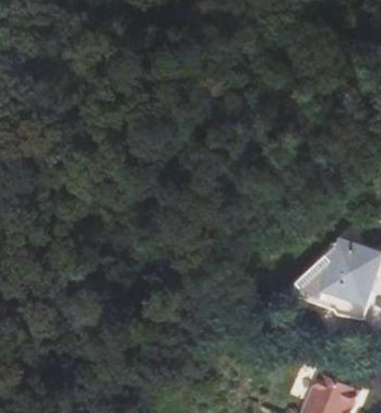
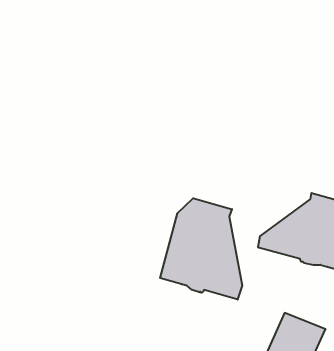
building: none -> [160,198,242,300]

